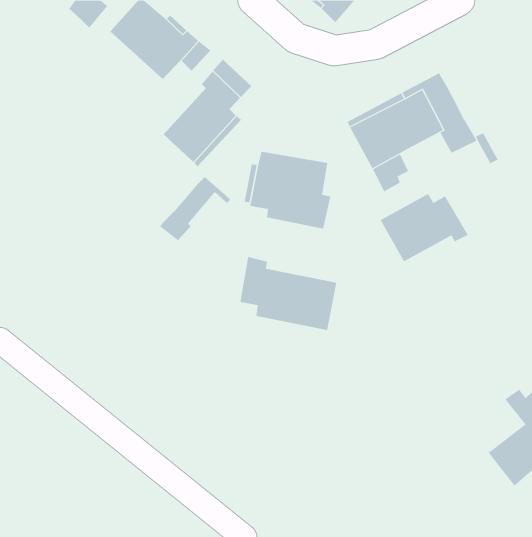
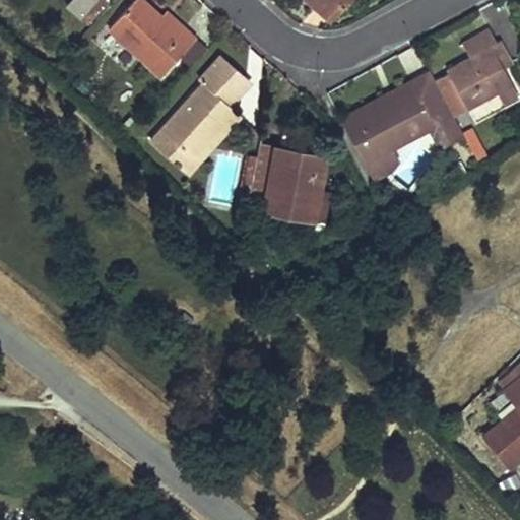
building: none -> [436,27,514,116]
building: [159,176,231,241] -> none
building: [380,193,468,262] -> none
building: [240,256,337,331] -> none

